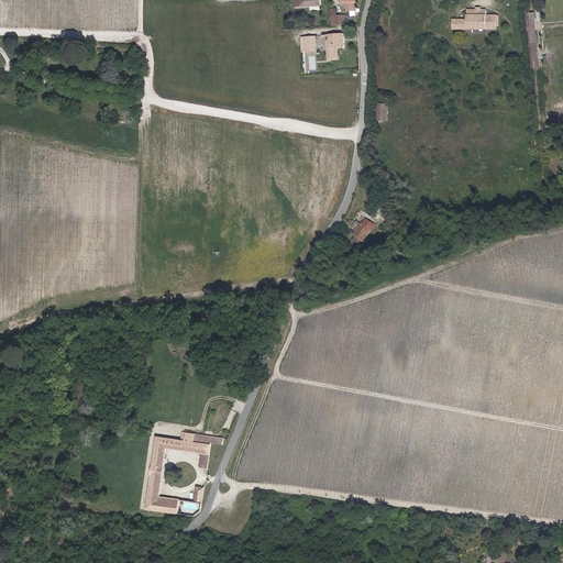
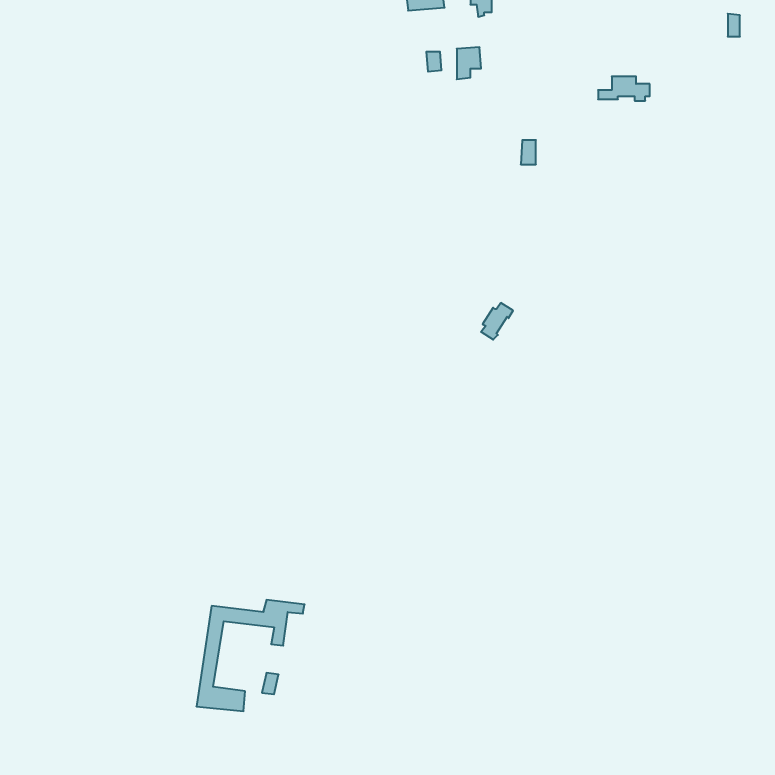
building: [460,9,497,26] -> [598,76,650,101]

